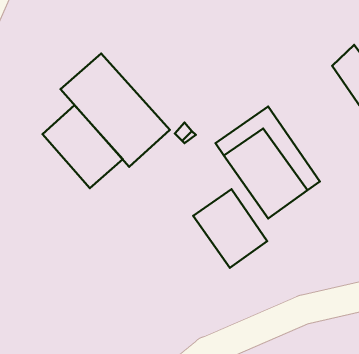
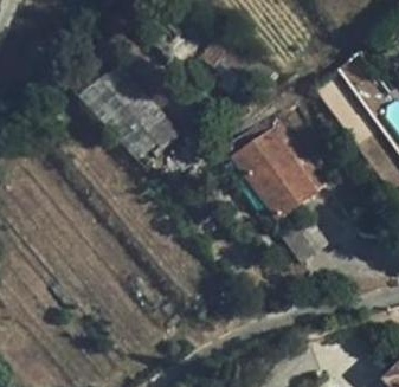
building: [43,105,123,188] -> none
building: [193,189,267,268] -> none

